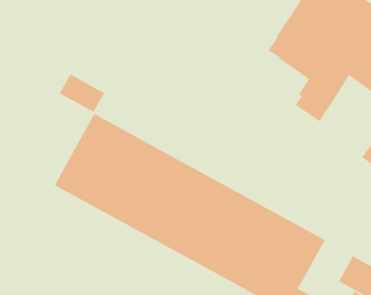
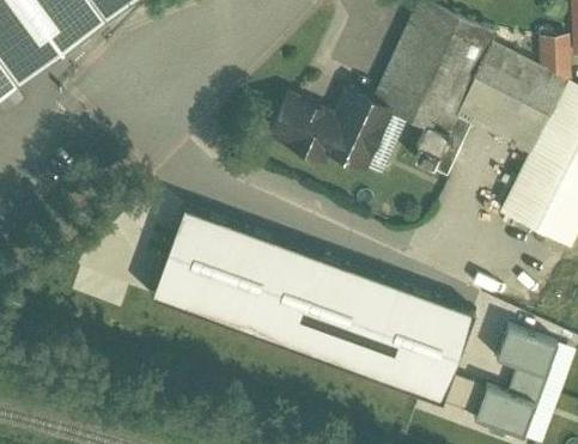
building: none -> [269,91,402,174]
building: [59,74,105,113] -> none

